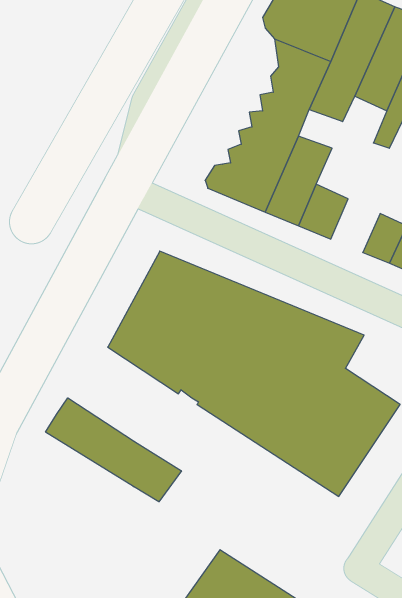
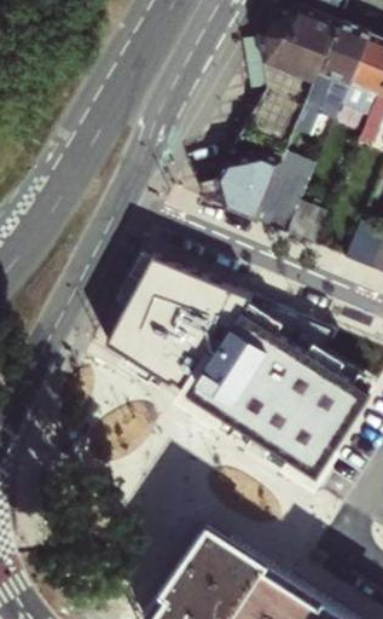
building: [46,398,181,502] -> none

